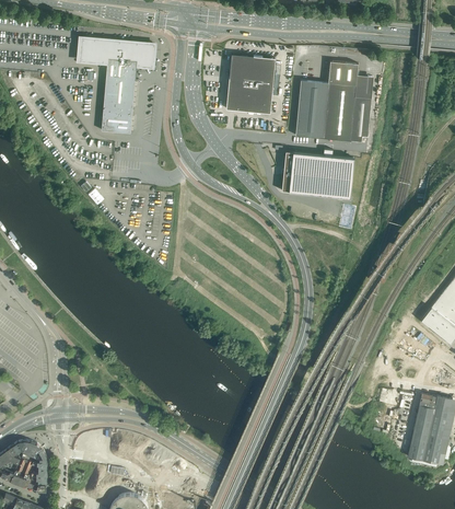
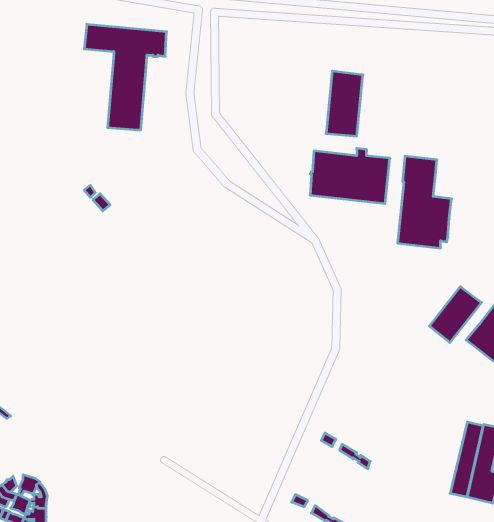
building: [226,54,276,113] -> none
building: [324,60,372,142] -> [398,156,452,248]
building: none -> [429,287,482,343]

